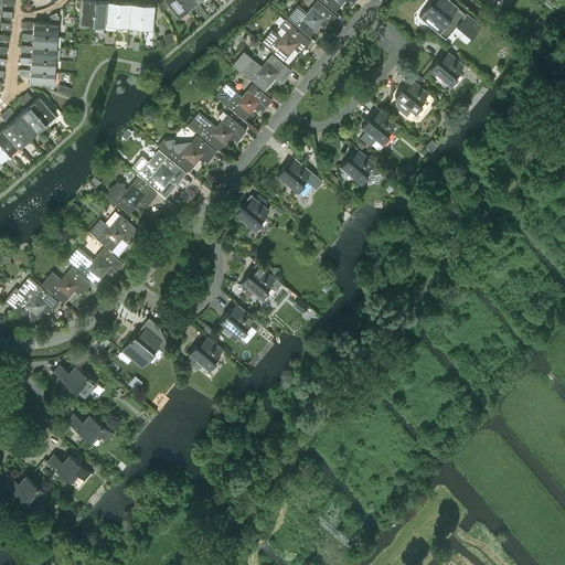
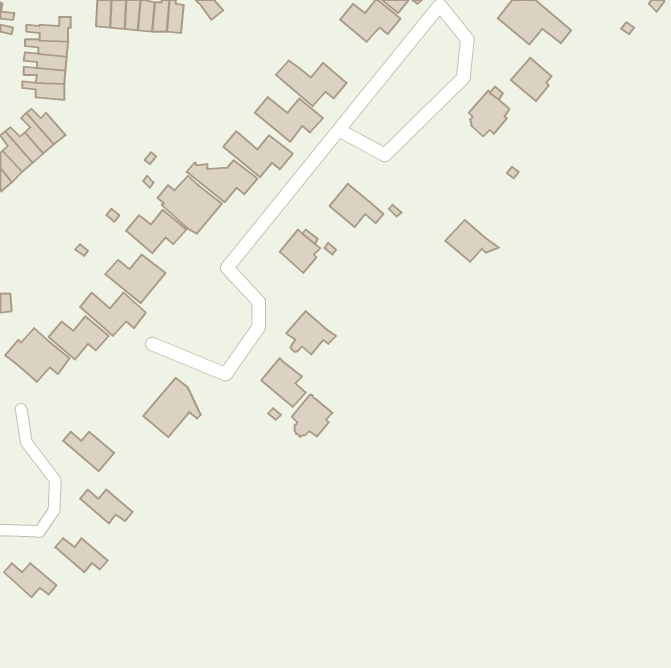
building: [260,20,310,62] -> none
building: [361,108,395,148] -> none
building: [340,149,385,184] -> [445,220,499,262]
building: [189,335,223,371] -> [292,395,333,437]

